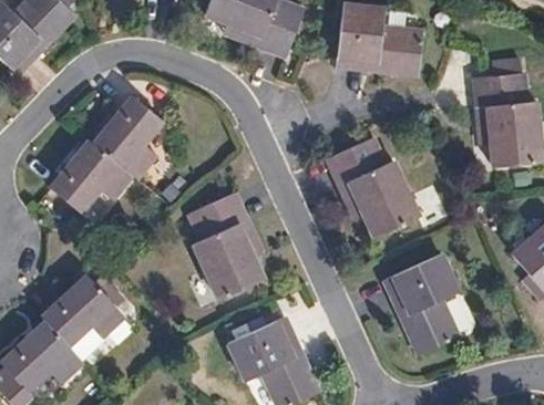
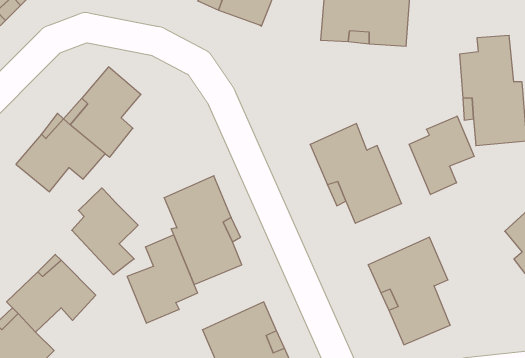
building: none -> [409,116,474,195]
building: none -> [72,188,138,275]
building: none -> [127,235,197,323]

